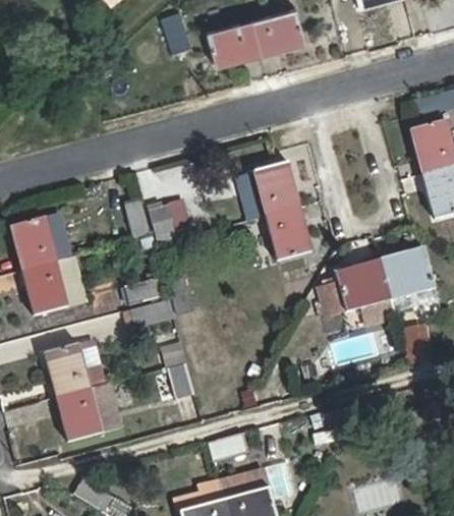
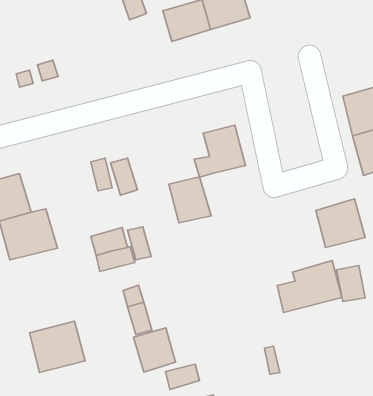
building: [266,208,314,260] -> [169,177,211,223]
building: [318,259,391,318] -> [277,260,342,313]
building: [44,343,107,397] -> none
building: none -> [134,328,175,372]

